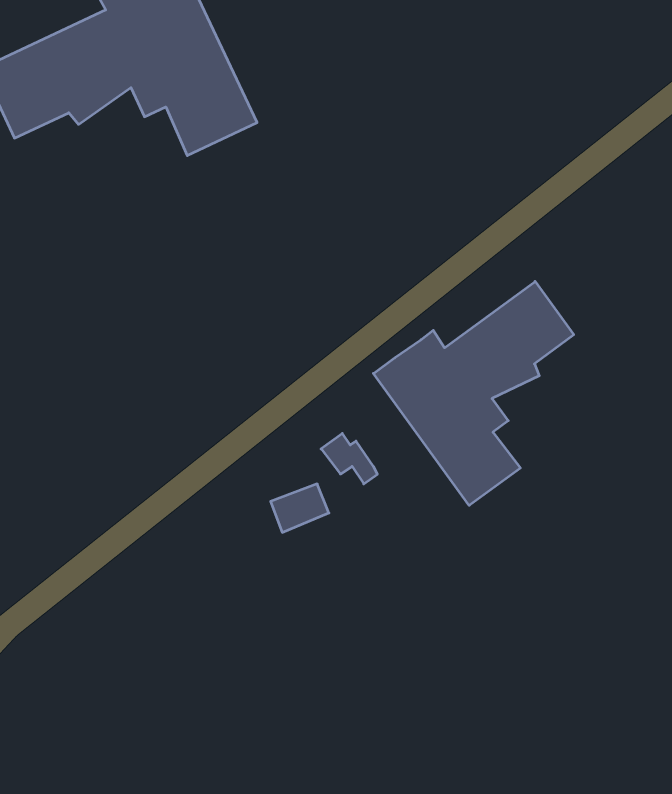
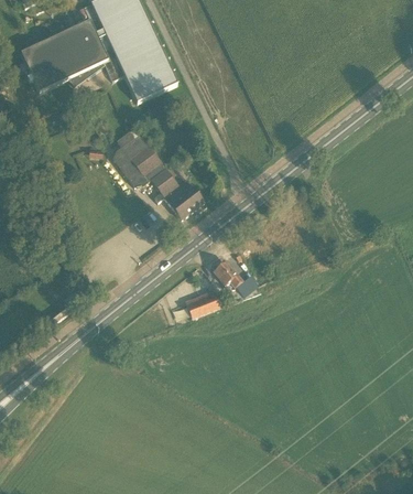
building: none -> [112,130,203,218]
building: [373,281,574,505] -> none

